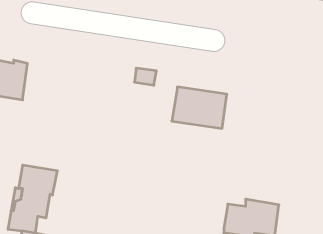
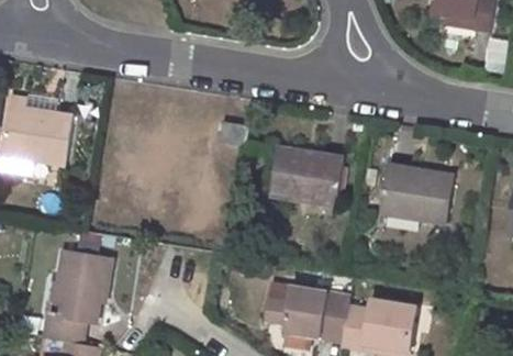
building: none -> [378,164,453,221]
building: none -> [261,285,346,338]

